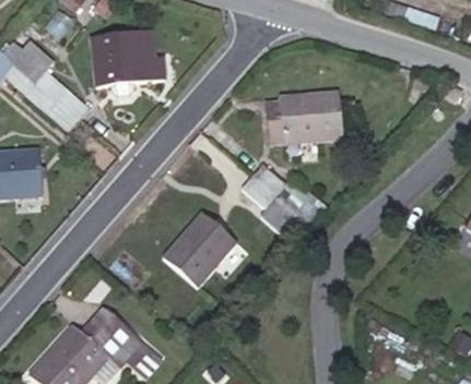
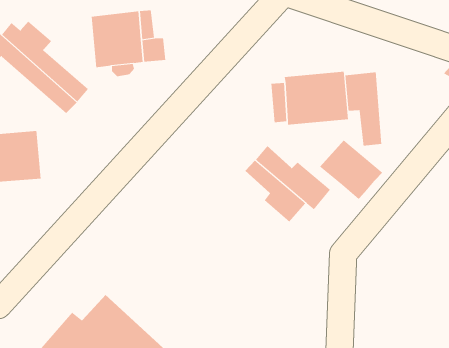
building: none -> [345,72,382,147]
building: none -> [319,140,383,200]
building: [162,211,236,286] -> none

